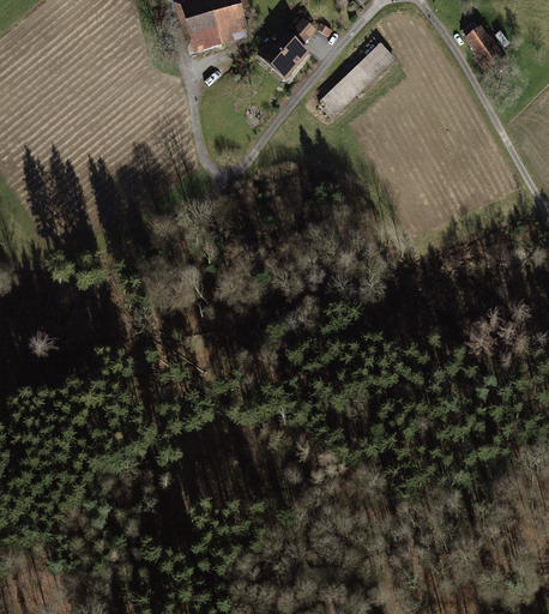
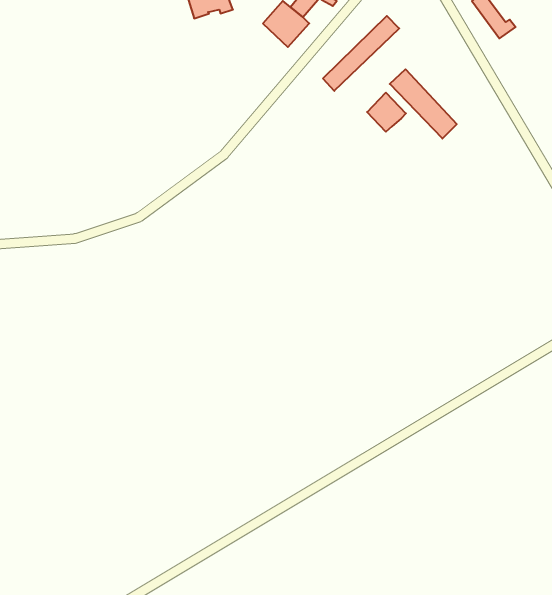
building: none -> [390,69,457,139]
building: none -> [367,93,406,132]

